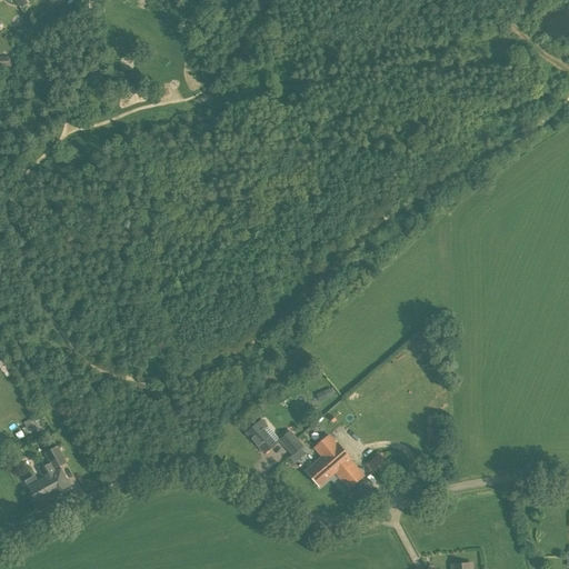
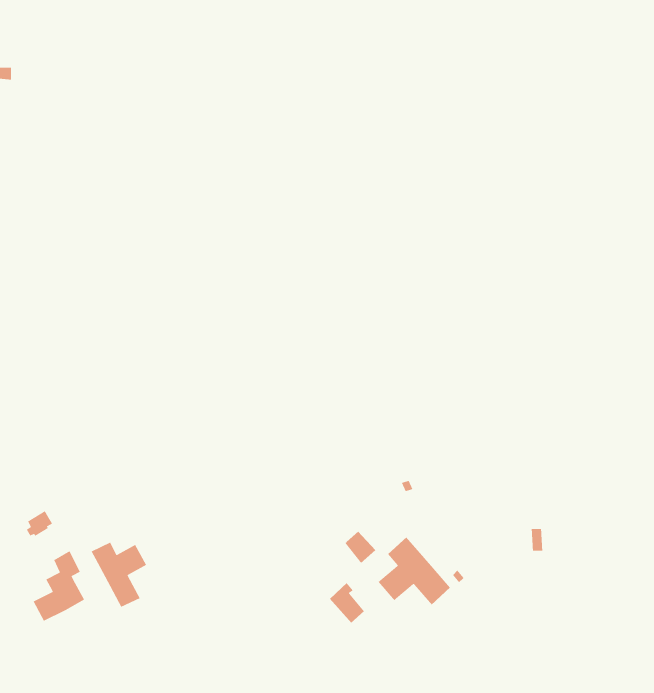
building: [247,419,276,452] -> [329,582,365,624]
building: none -> [91,542,147,608]

